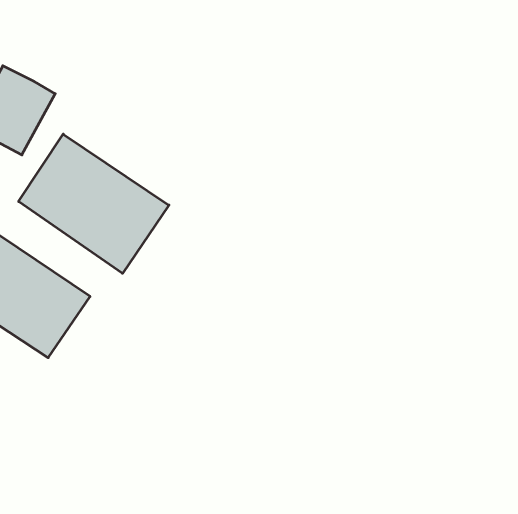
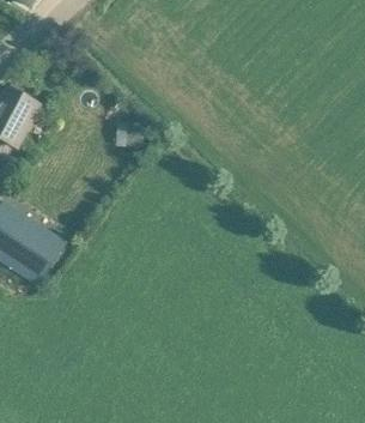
building: [19,134,169,273] -> none

